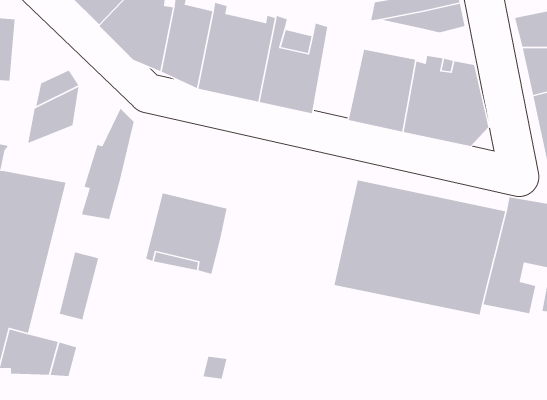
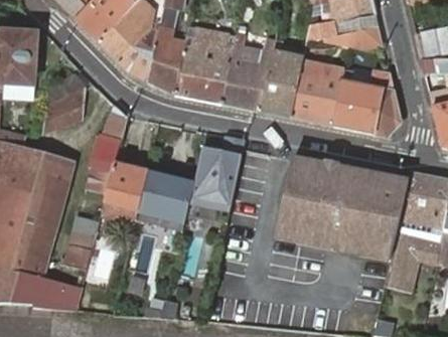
building: none -> [263,39,303,115]
building: none -> [192,136,248,215]
building: none -> [87,162,147,269]
building: none -> [387,257,420,293]

